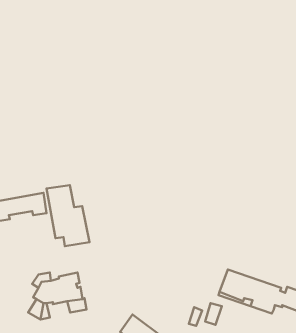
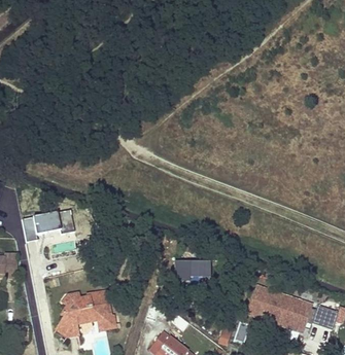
building: [46,185,90,246] -> none
building: none -> [175,259,209,280]

